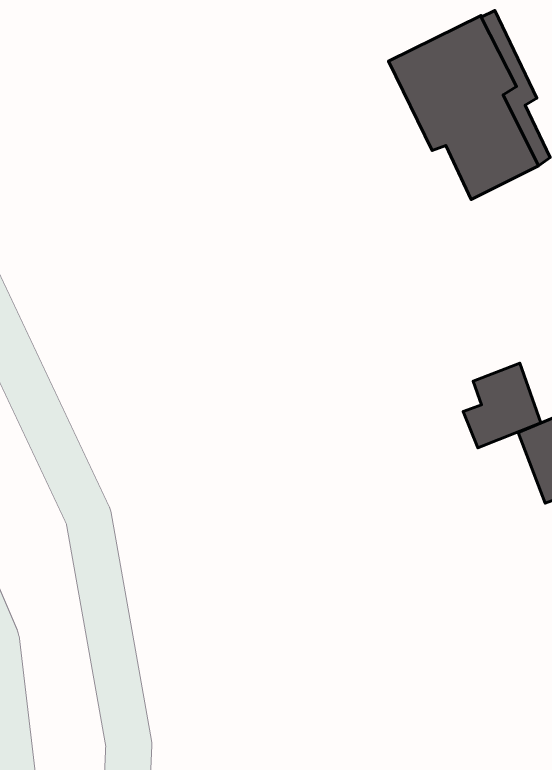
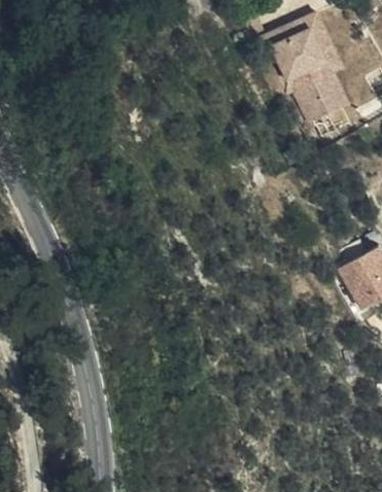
building: [463,363,541,448] -> none

